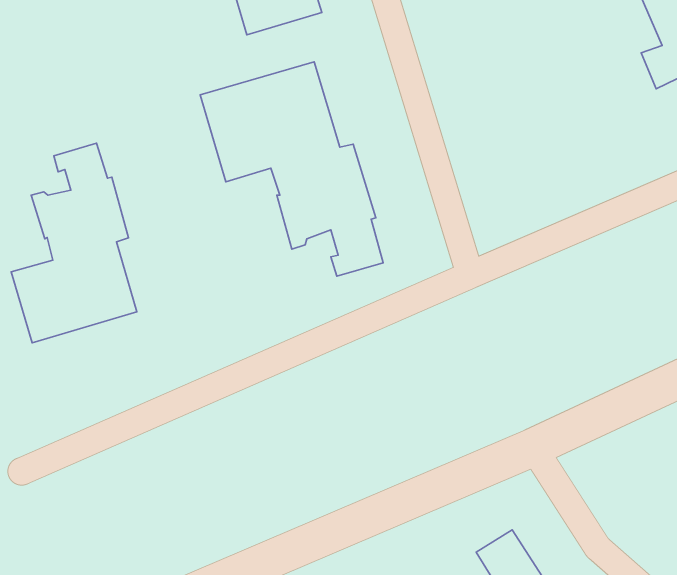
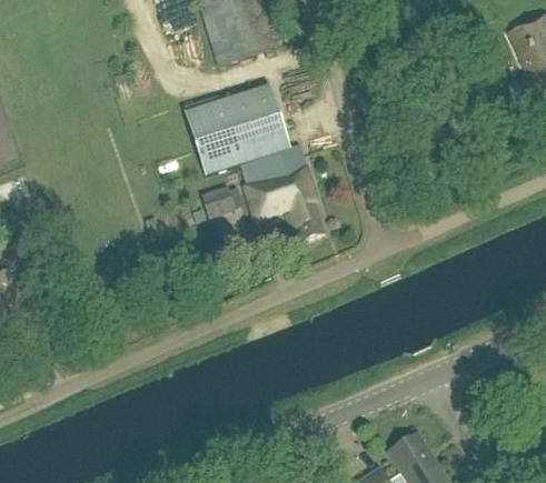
building: [11,143,137,343] -> none
building: none -> [201,183,235,214]

